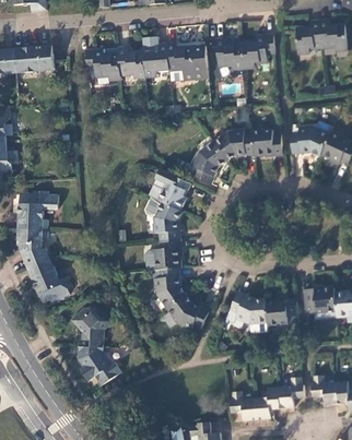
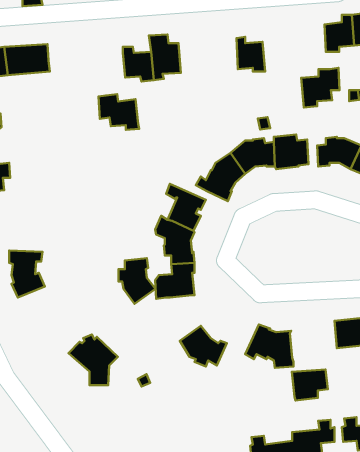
building: [240,35,274,70] -> [301,68,340,107]
building: [166,44,208,80] -> none
building: [84,49,120,81] -> [98,94,139,130]
building: [16,191,58,229] -> none
building: [24,260,70,305] -> none
building: [153,267,186,308] -> [118,258,156,304]
building: [265,299,296,326] -> [292,370,328,400]
building: [79,346,120,385] -> none

